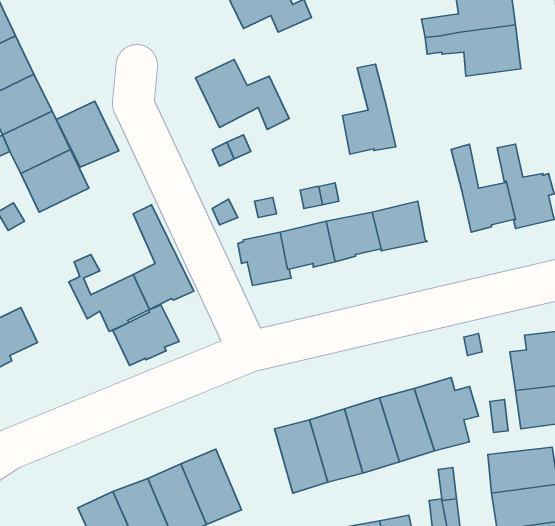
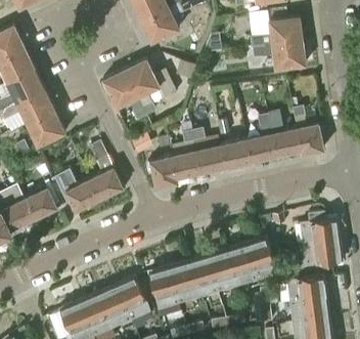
building: [342,64,396,154] -> [249,111,278,161]
building: [56,101,119,167] -> [103,71,138,108]
building: [113,305,179,365] -> [28,184,64,218]
building: none -> [148,266,179,308]

